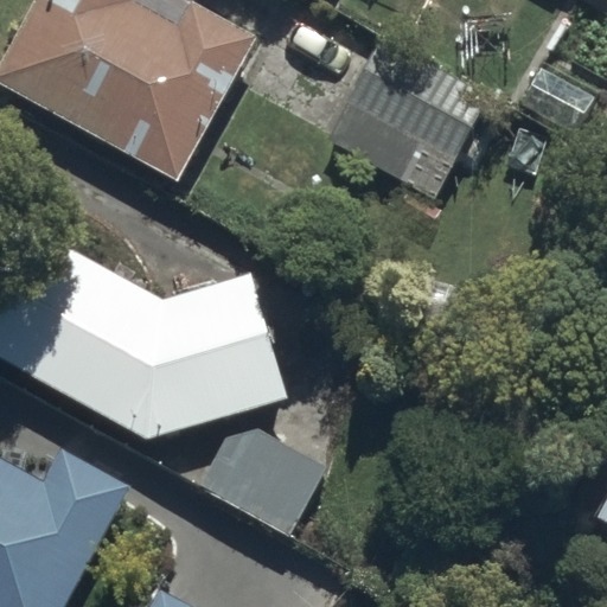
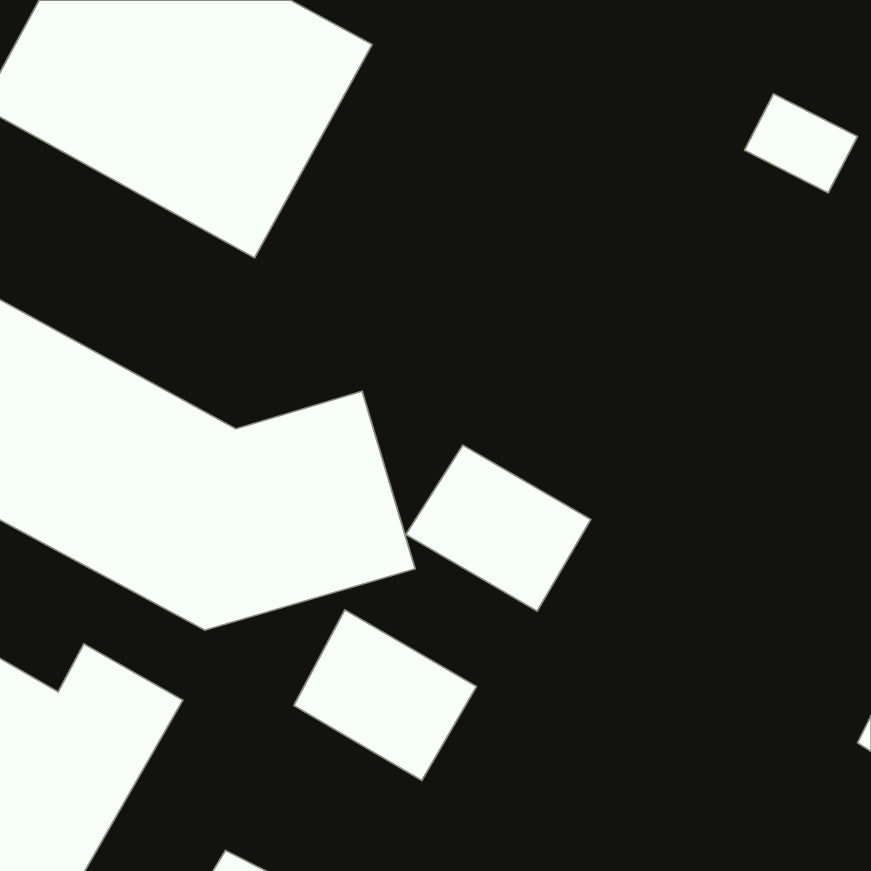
building: [324,39,488,200] -> none
building: none -> [406,445,591,611]

